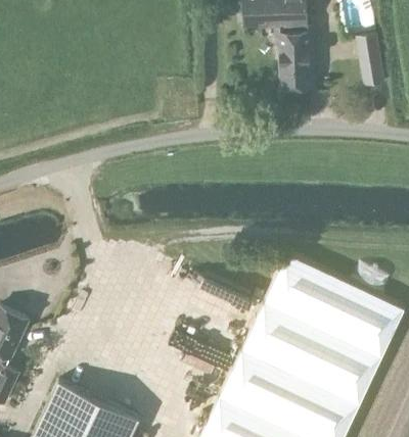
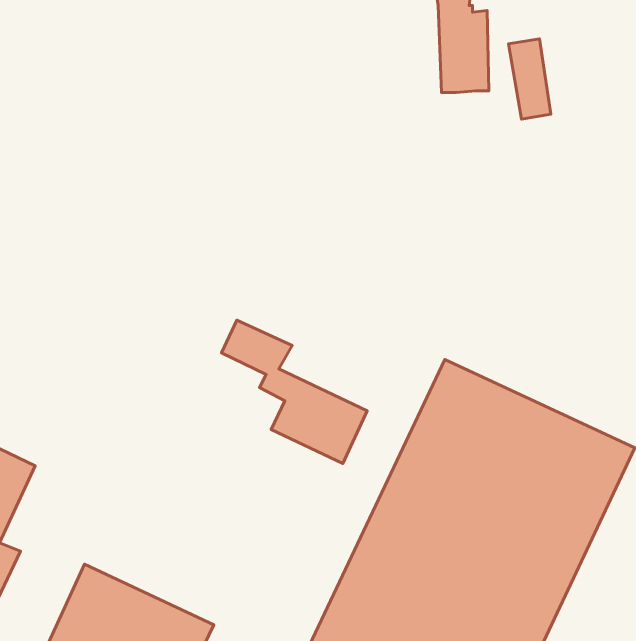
building: [355,36,381,86] -> [508,39,551,119]
building: none -> [221,320,367,463]

